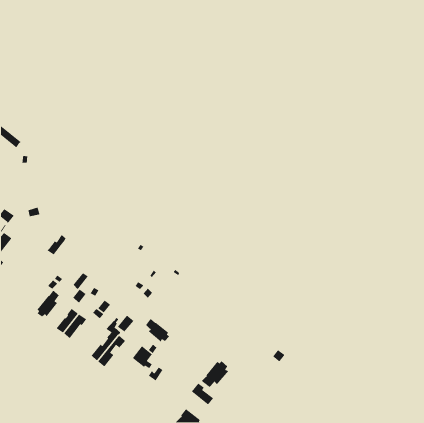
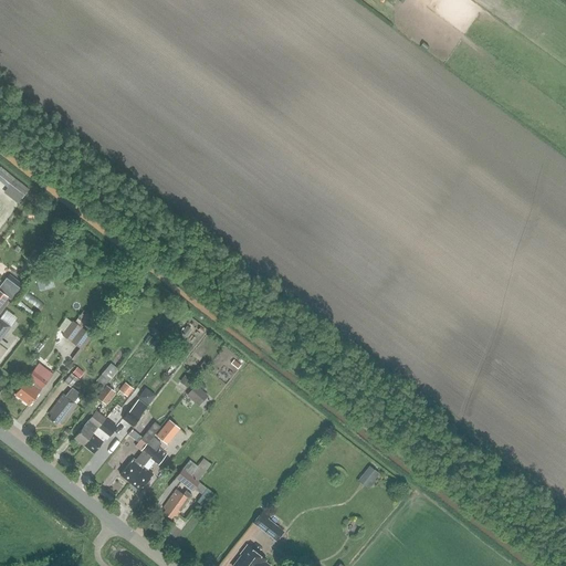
building: none -> [14,366,50,405]
building: [145,318,170,343] -> none
building: [201,361,230,388] -> none
building: none -> [163,489,191,518]

